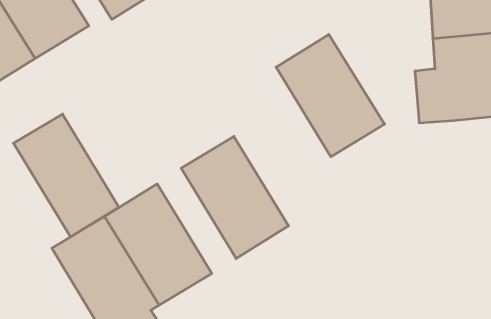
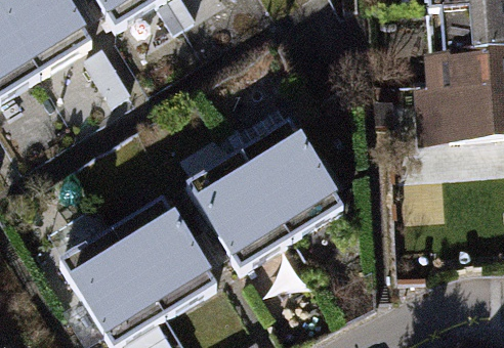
building: [276,34,385,157] -> [240,121,345,240]
building: [13,114,119,237] -> none

